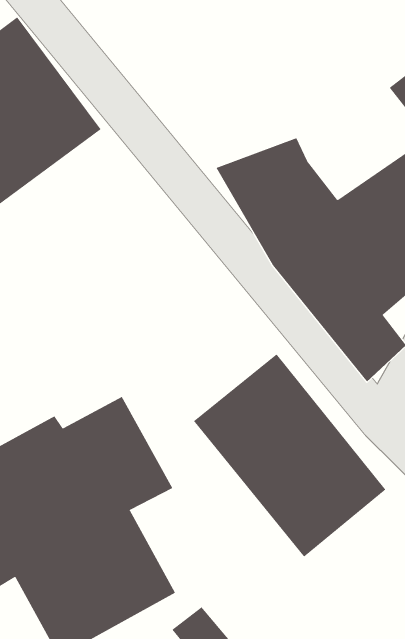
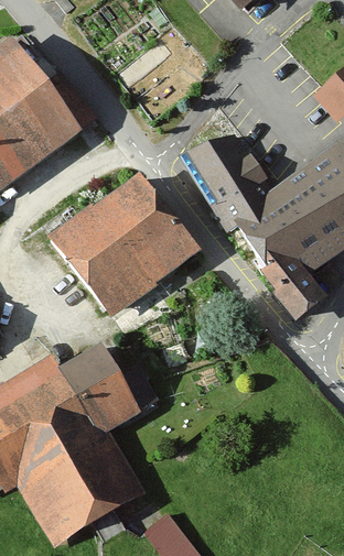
building: none -> [53,171,203,316]
building: [193,354,386,558] -> none

